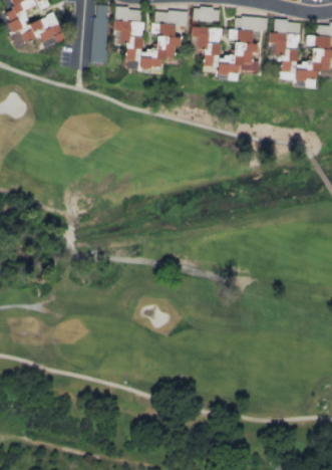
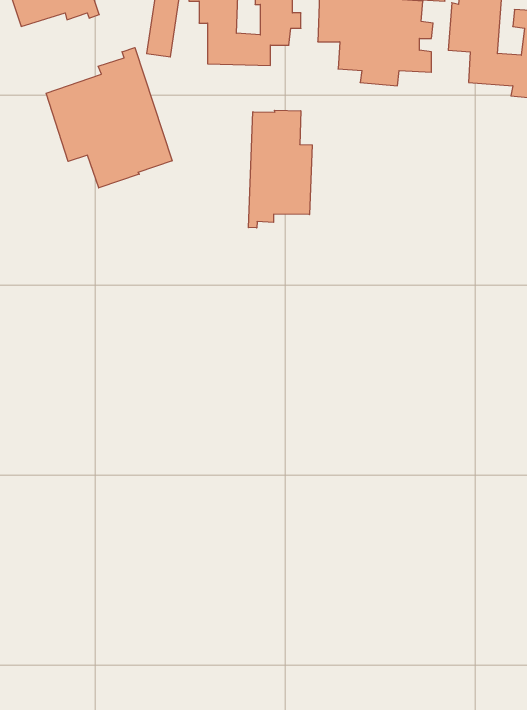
building: none -> [46,48,172,188]
building: none -> [248,110,312,228]

